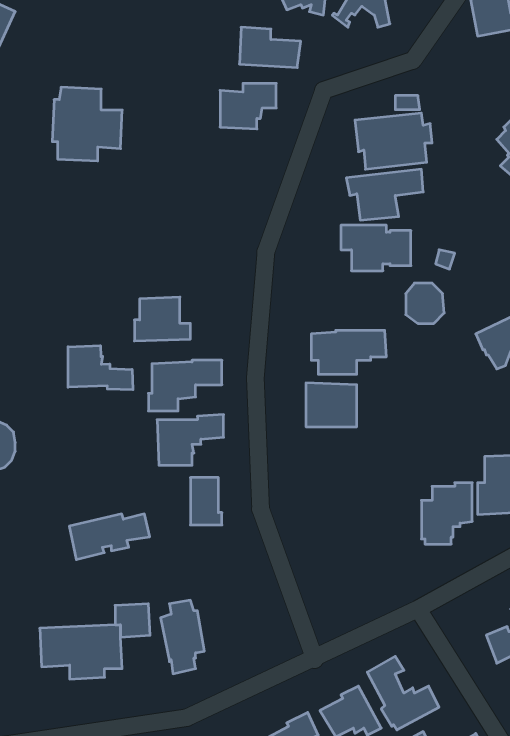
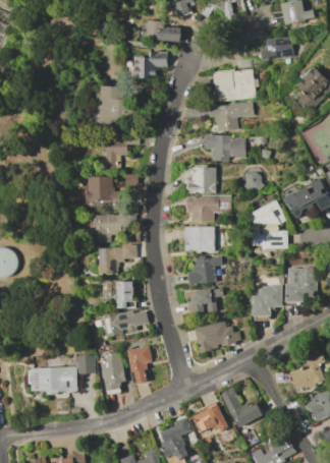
building: none -> [261,37,293,60]
building: [52,87,122,161] -> [95,85,135,128]
building: none -> [105,136,139,166]
building: none -> [185,165,215,193]
building: none -> [252,199,286,248]
building: [68,346,133,390] -> none
building: none -> [188,256,222,285]
building: none -> [187,288,223,314]
building: [69,514,150,560] -> [102,310,149,337]
building: none -> [194,321,241,353]
building: none -> [126,346,152,383]

